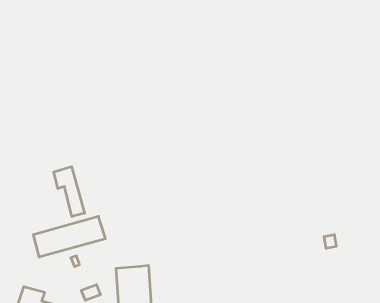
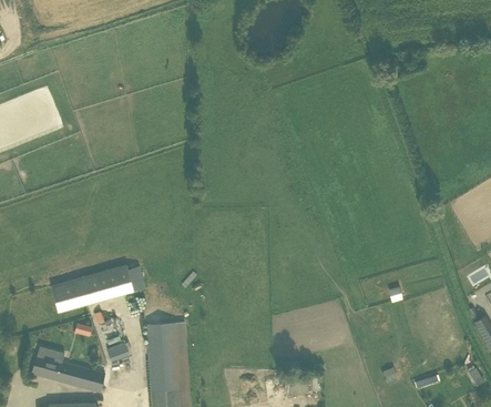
building: [54,167,85,217] -> none

